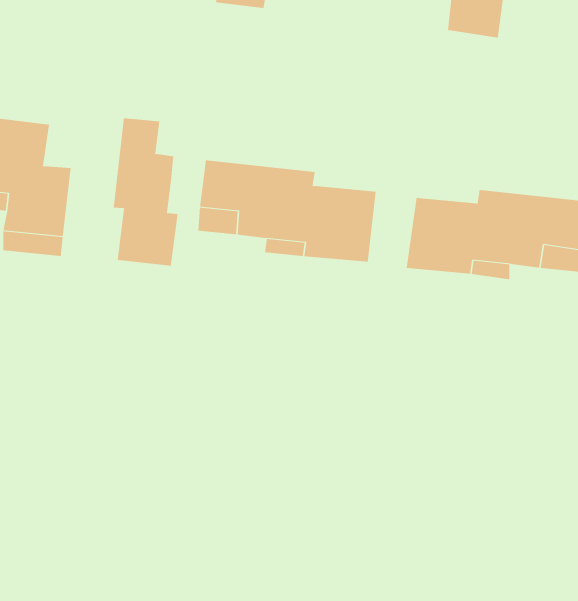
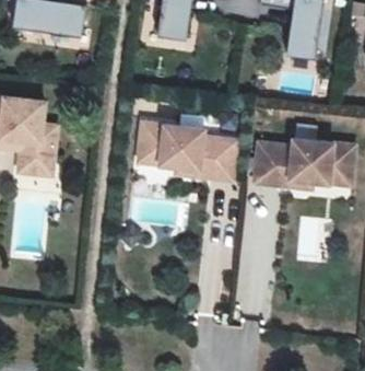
building: [113,117,178,267] -> none

